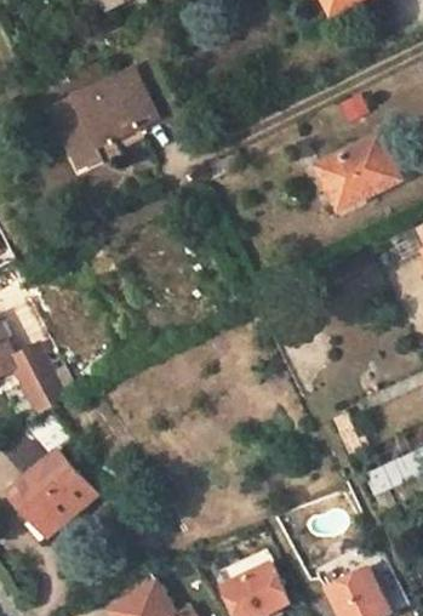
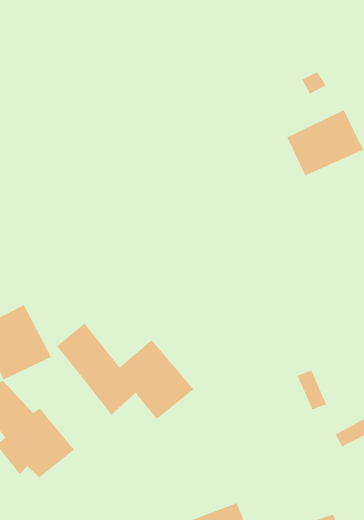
building: [51,70,155,169] -> none
building: none -> [56,323,194,420]

